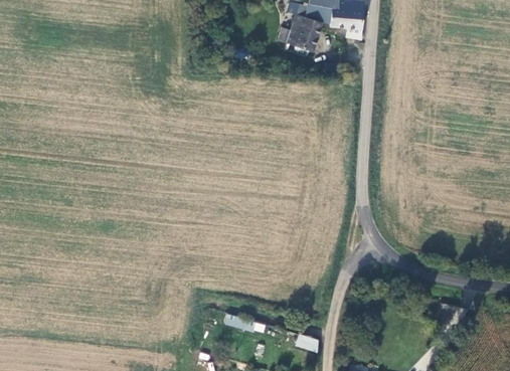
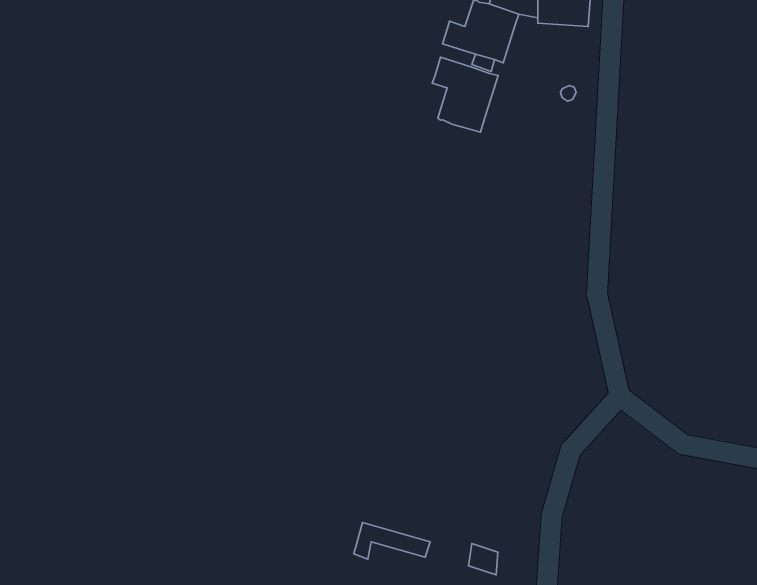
building: none -> [432,57,498,132]

